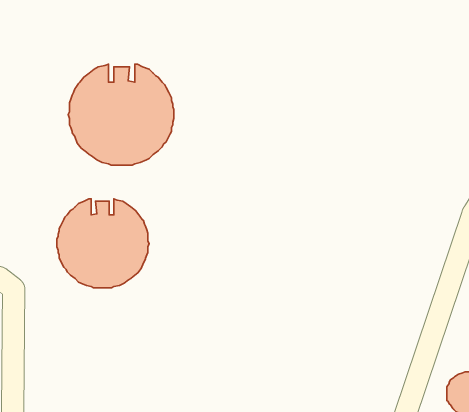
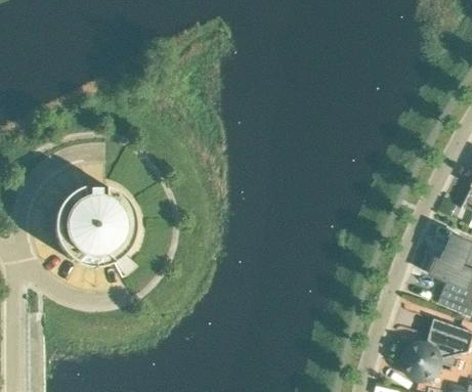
building: [68,64,174,165] -> none

